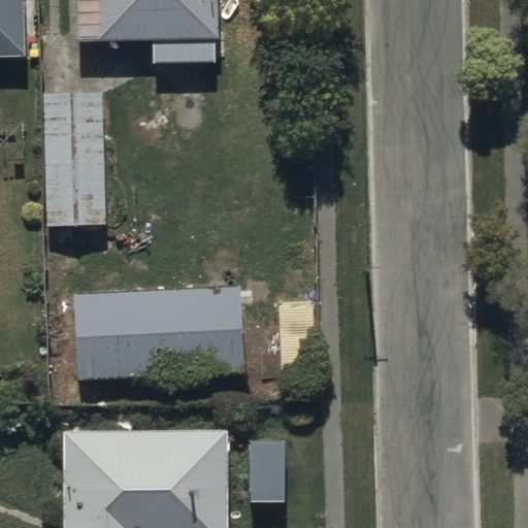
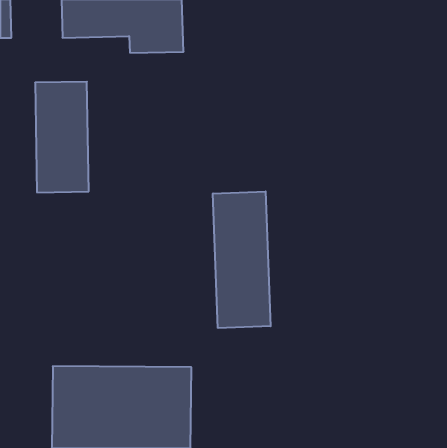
building: none -> [213,191,271,328]
building: [74,288,242,382] -> none

